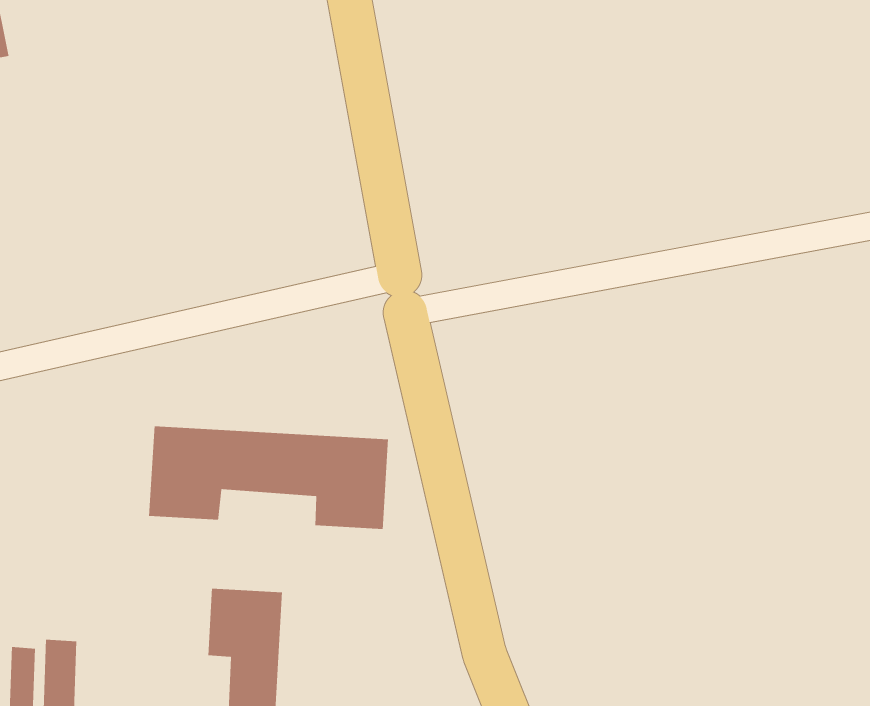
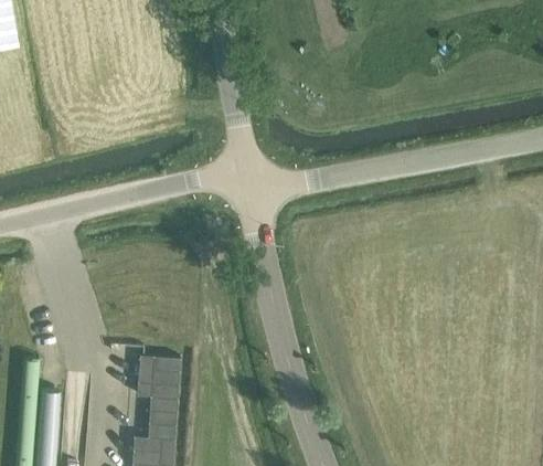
building: [148,425,389,530] -> none

